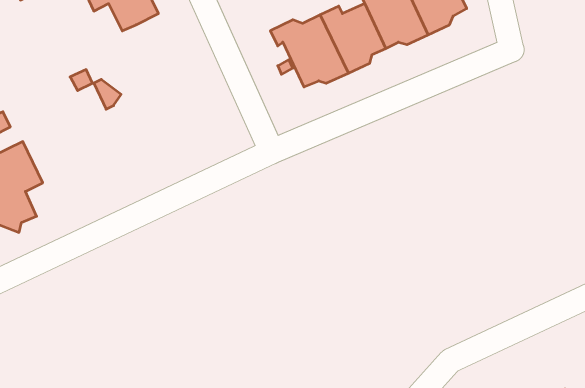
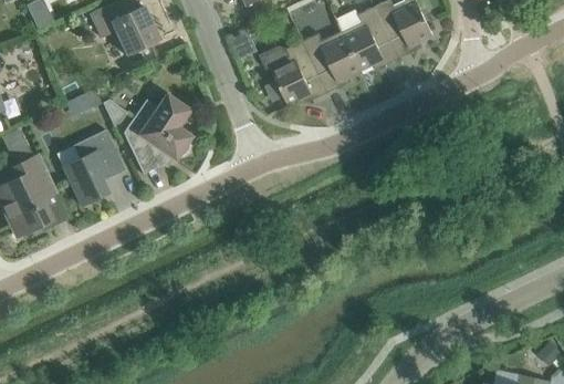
building: none -> [123,92,191,173]
building: none -> [62,129,125,206]

